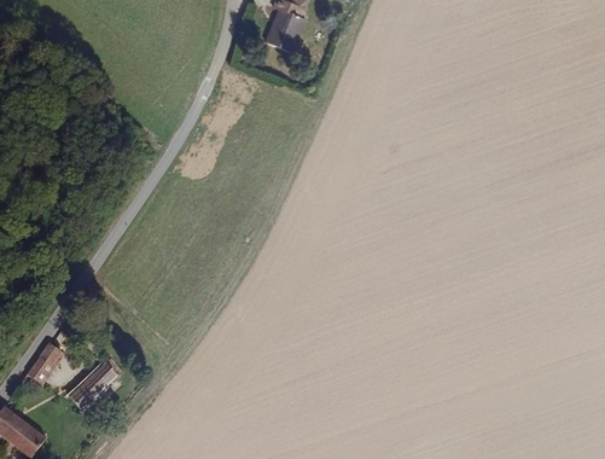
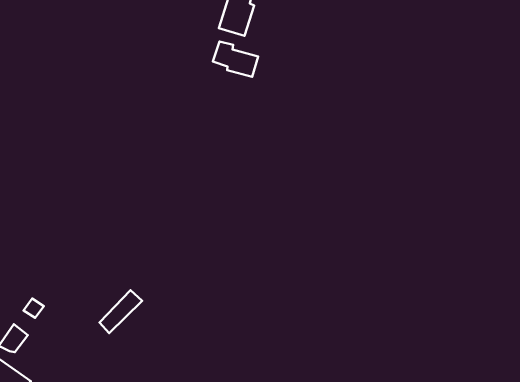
building: none -> [213,41,258,77]
building: [69,361,117,409] -> [99,290,142,333]

